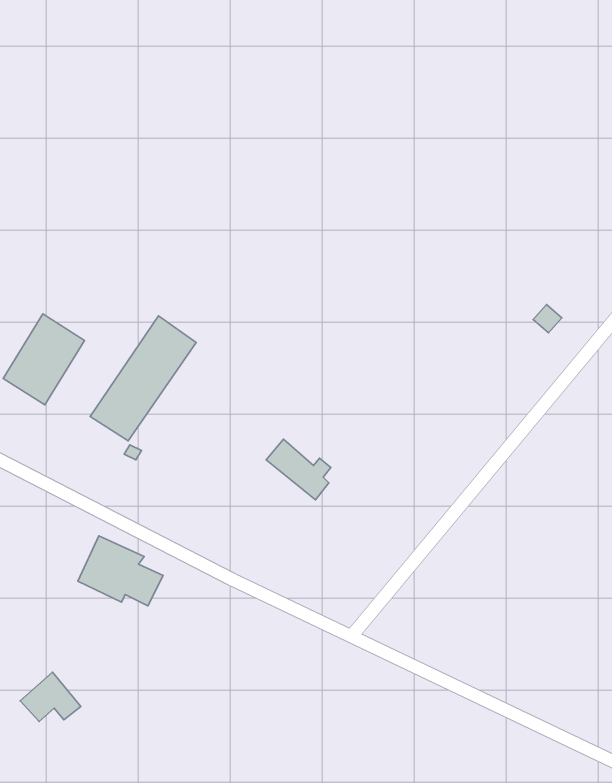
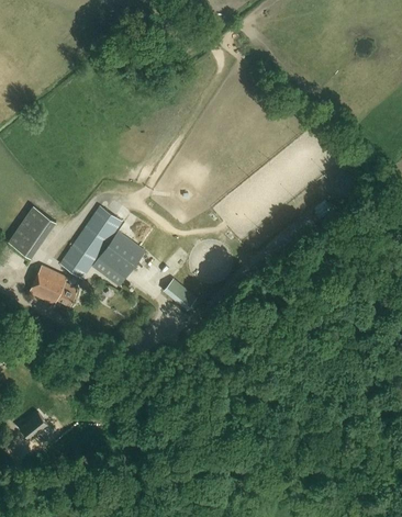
building: none -> [91,232,144,286]
building: [78,536,163,606] -> [29,267,78,307]

